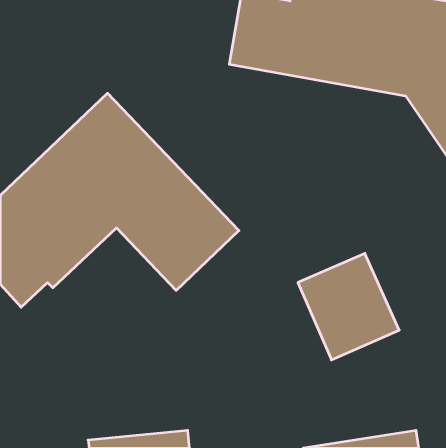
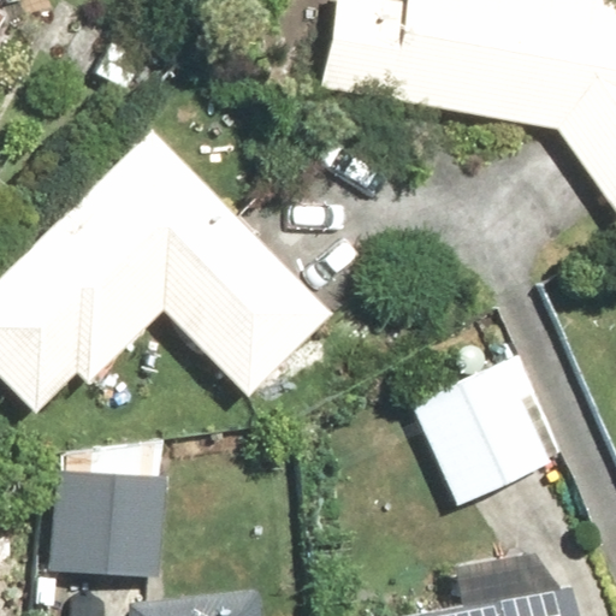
building: none -> [52,474,161,576]

